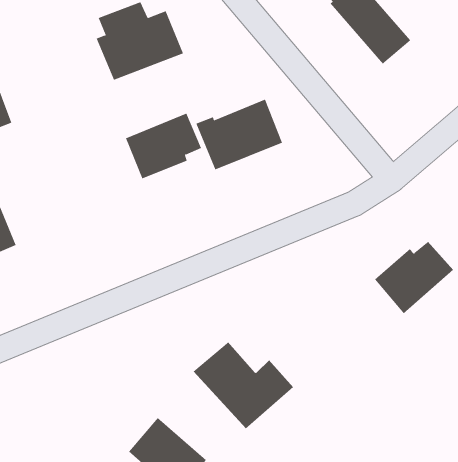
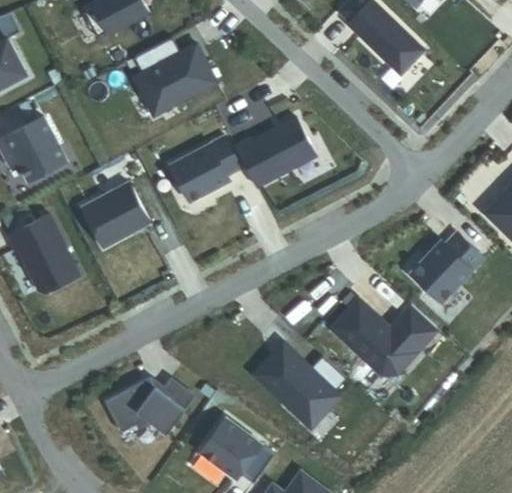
building: none -> [82,184,149,247]
building: none -> [330,295,437,374]
building: none -> [104,378,193,434]

